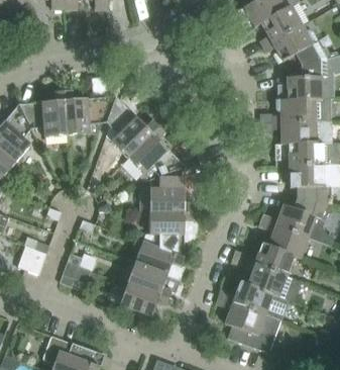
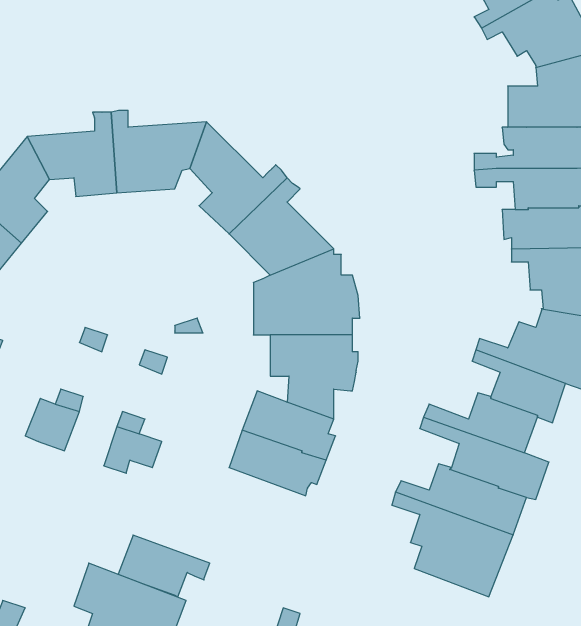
building: [119,283,168,316] -> [118,535,210,597]

